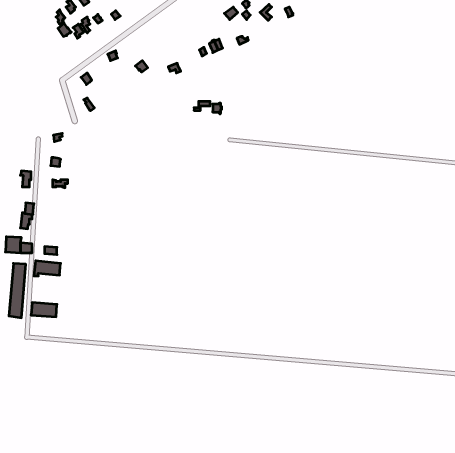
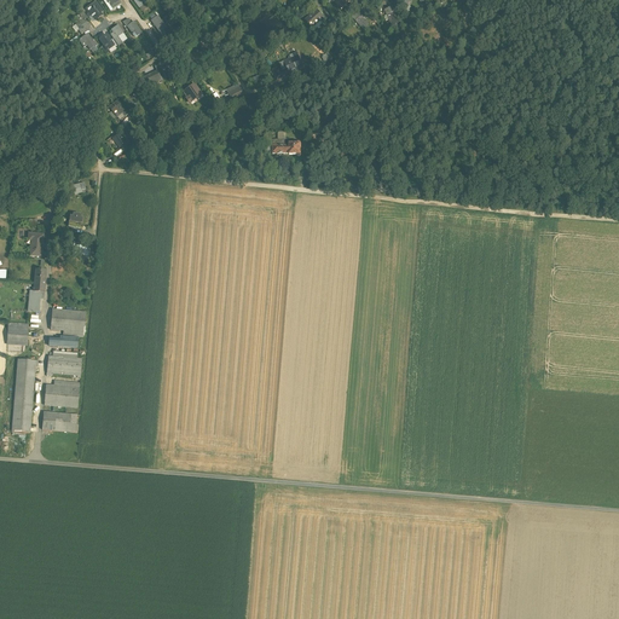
building: none -> [51,308,86,335]
building: none -> [44,383,80,406]

